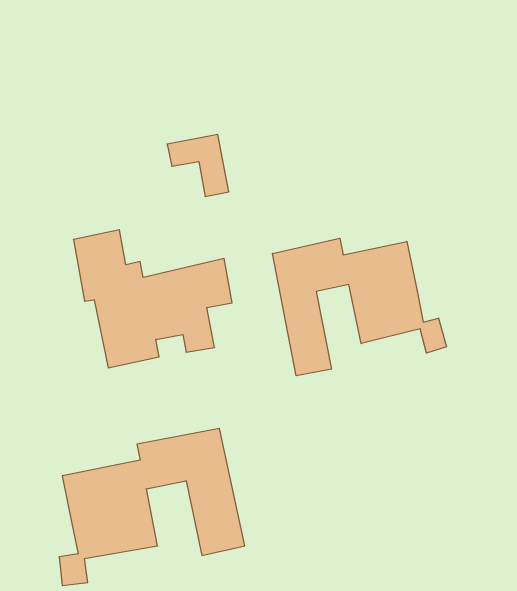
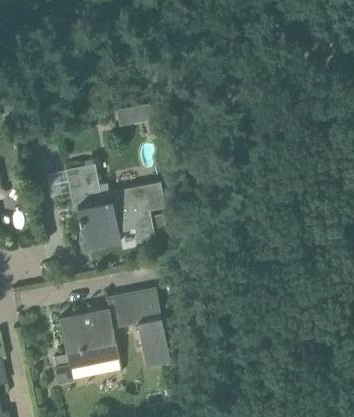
building: [272,238,447,376] -> none

